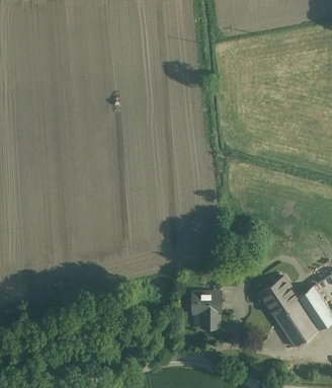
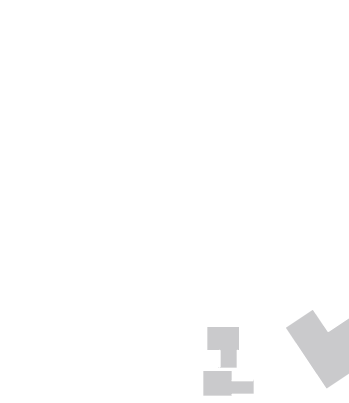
building: none -> [203,370,254,396]

